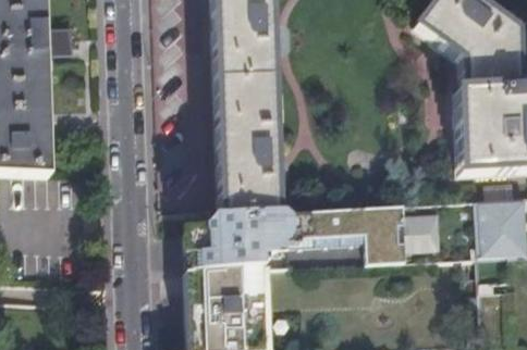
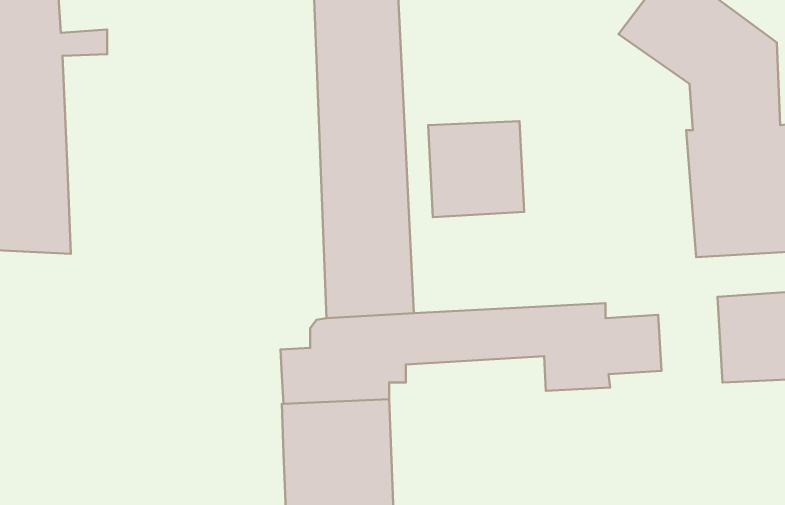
building: none -> [428,121,524,217]

